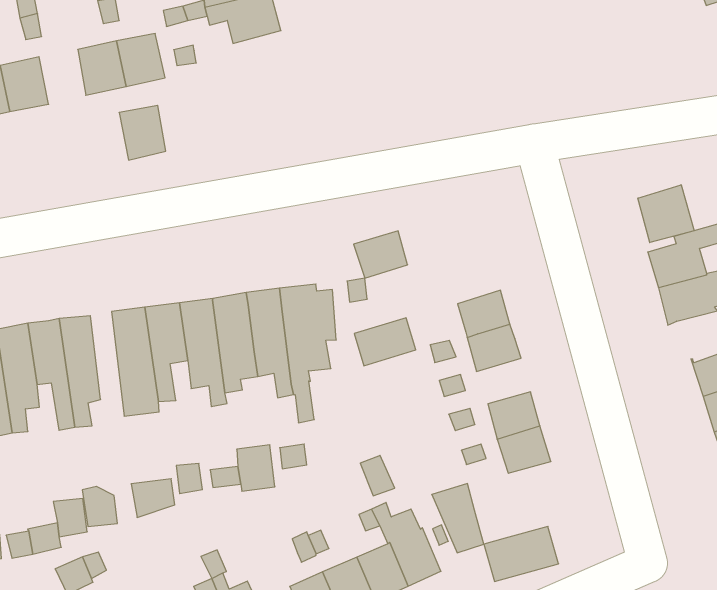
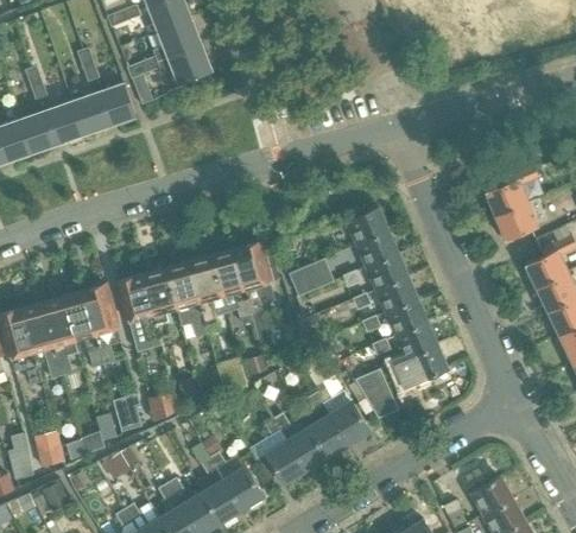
building: [119,105,166,160] -> [46,102,82,142]
building: [638,185,694,243] -> none
building: [354,231,408,278] -> [347,209,386,245]
building: none -> [376,277,416,311]
building: [484,526,559,581] -> [393,345,447,388]

